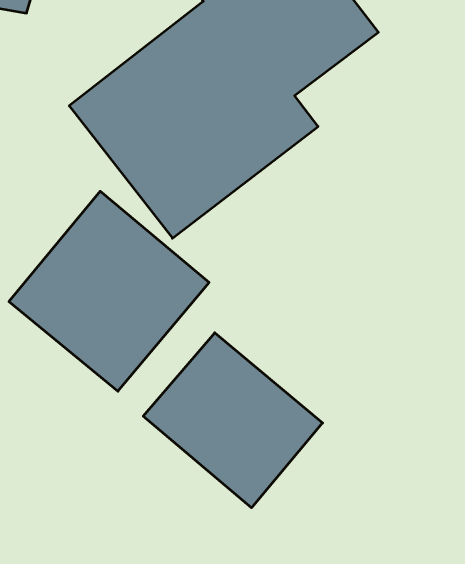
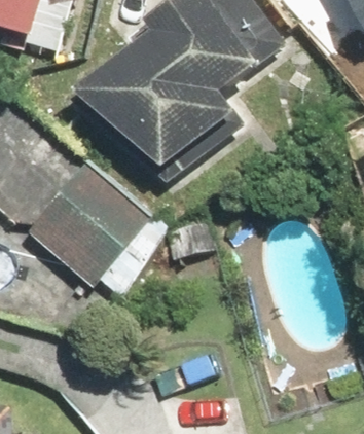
building: [143,333,323,508] -> none

